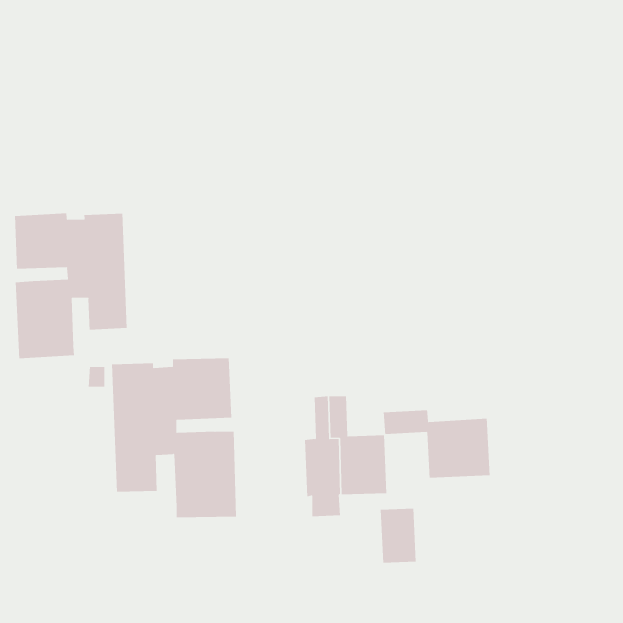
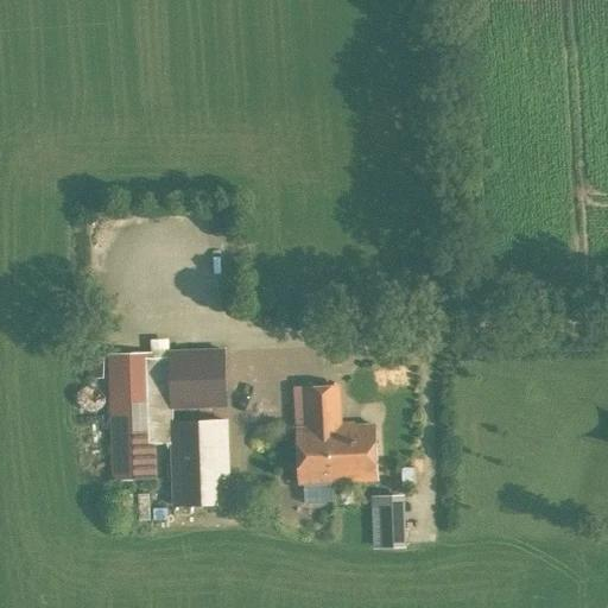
building: [14,213,127,359] -> none
building: [383,409,490,479] -> none

